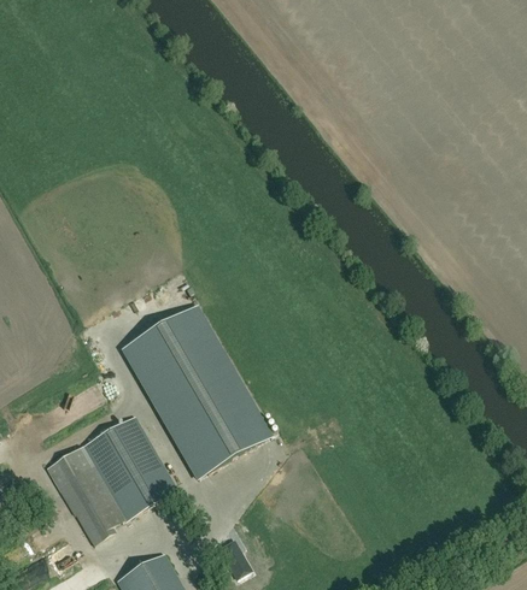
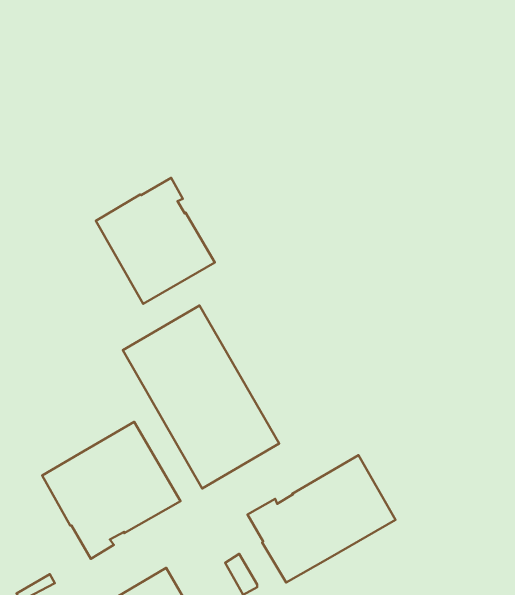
building: none -> [96,178,215,304]
building: none -> [247,455,396,583]

